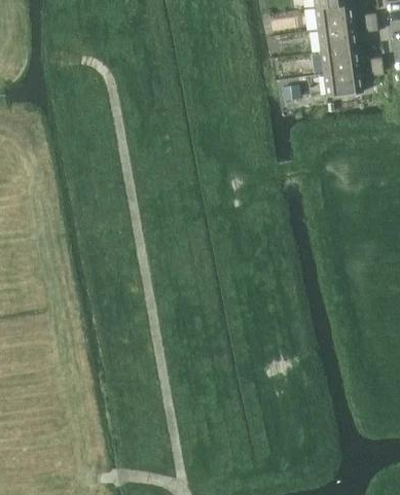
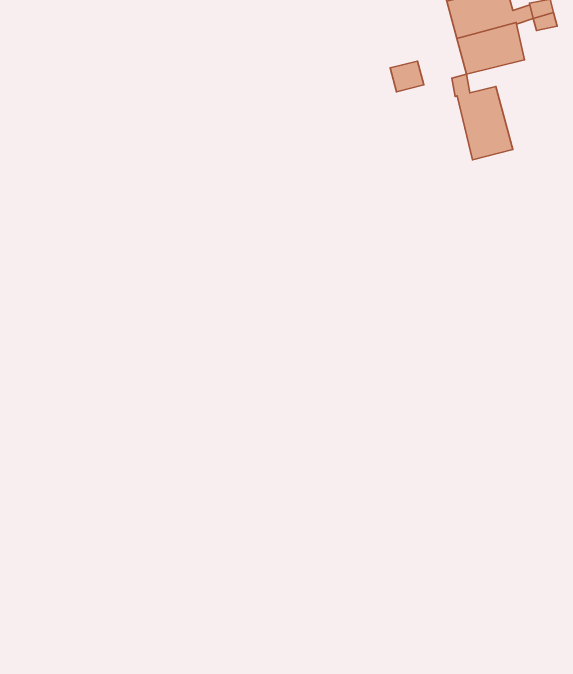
building: none -> [452,74,513,160]

